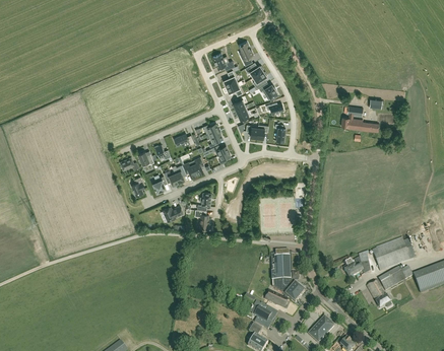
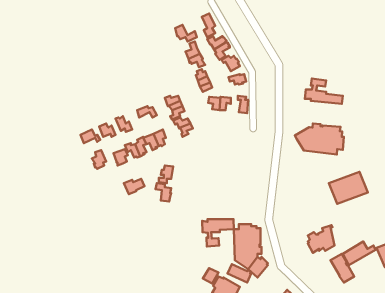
building: none -> [295,123,344,155]
building: [372,238,410,270] -> [329,172,368,204]
building: none -> [202,219,234,246]

